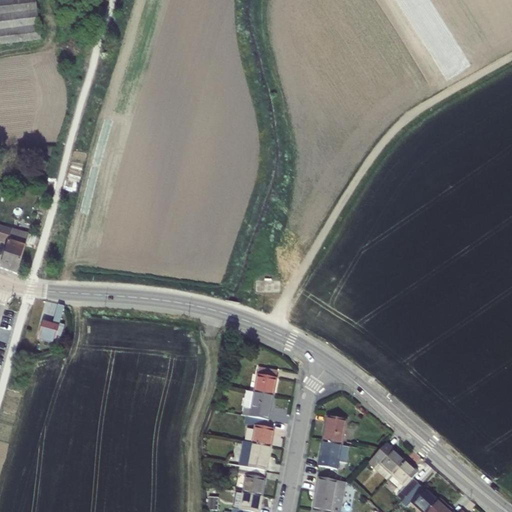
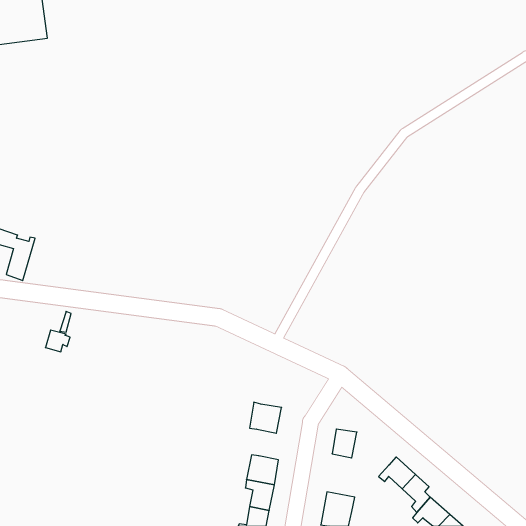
building: [253,366,277,395] -> none
building: [247,416,273,446] -> none
building: [317,440,341,469] -> none

